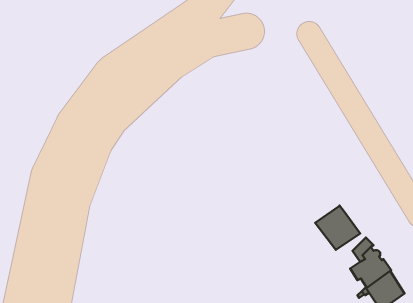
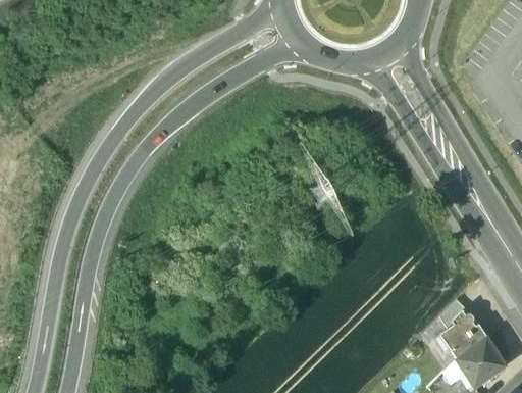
building: [315,205,360,250] -> none

